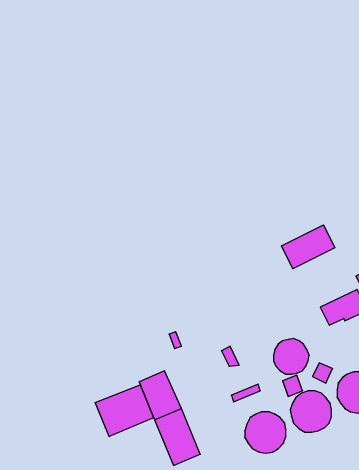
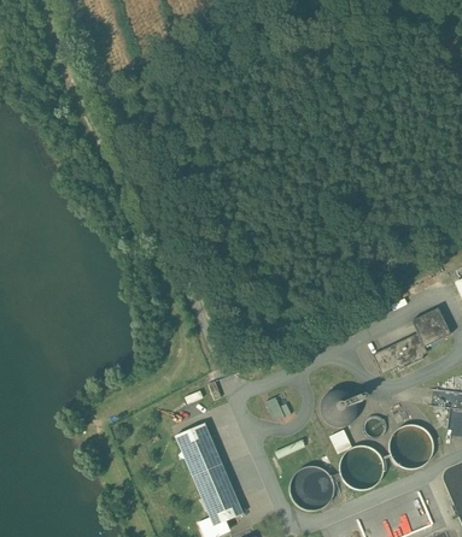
building: [281,225,335,269] -> none
building: [95,385,153,437] -> none

